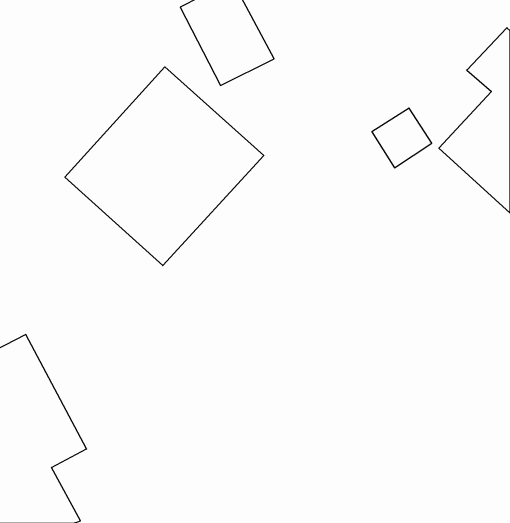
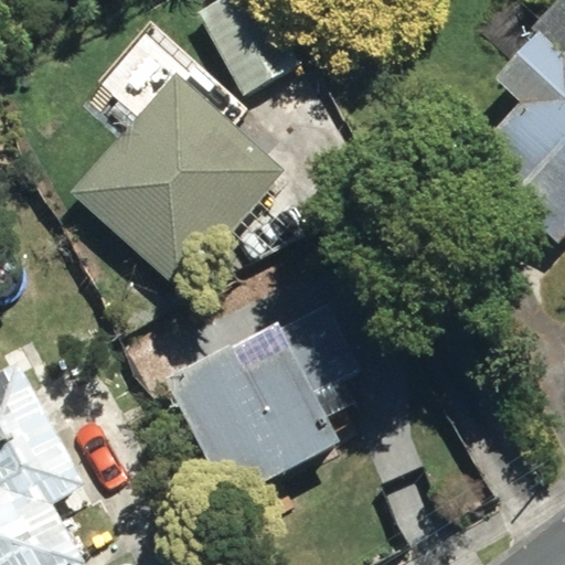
building: none -> [170,302,366,499]

